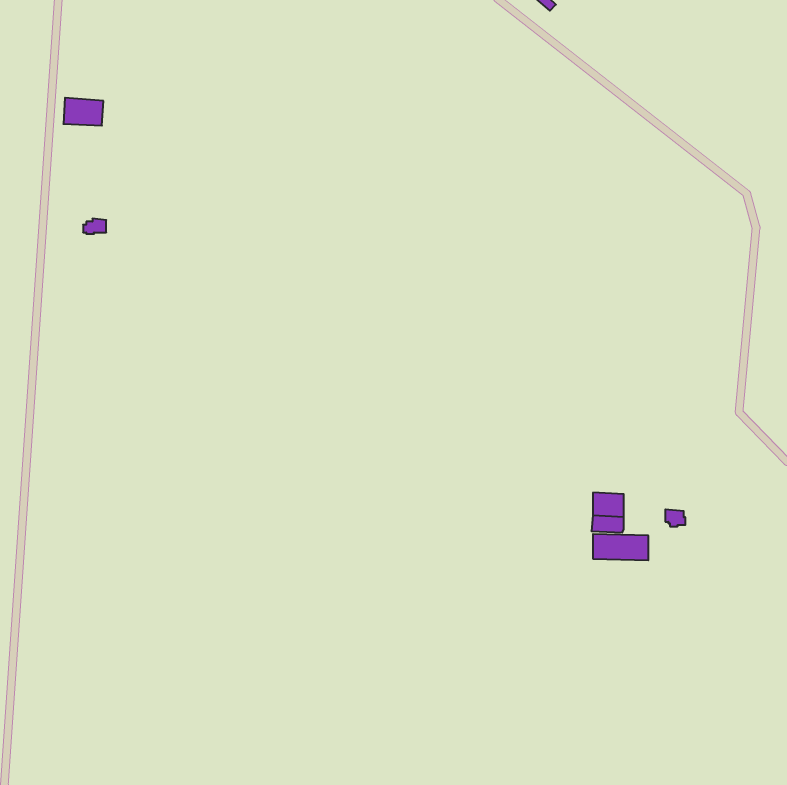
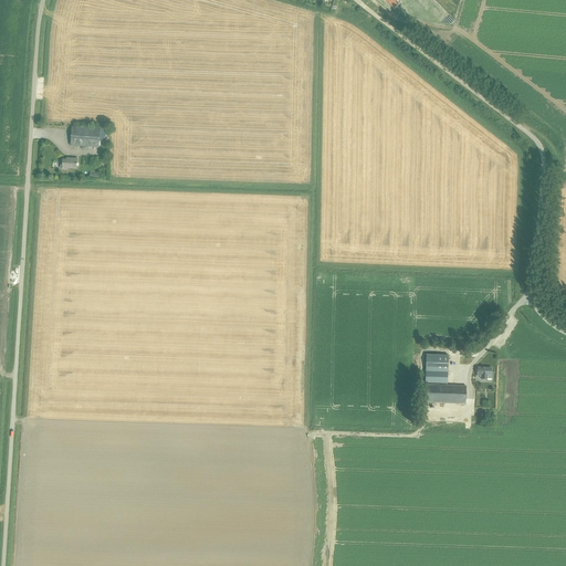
building: [63,98,103,126] -> [71,126,99,146]

